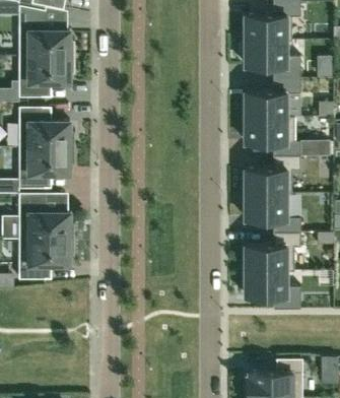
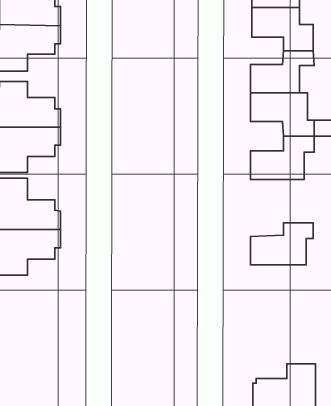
building: [245,194,300,233] -> none
building: [245,270,301,309] -> none

